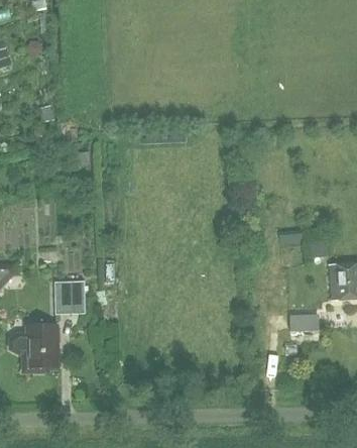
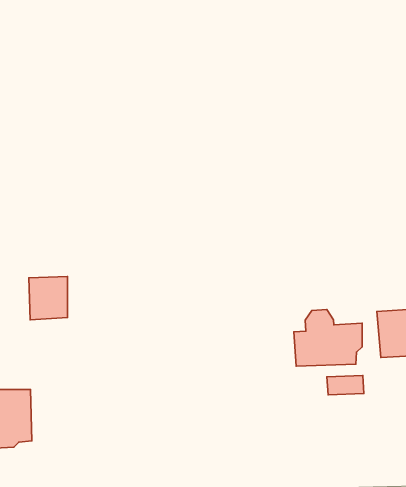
building: none -> [294,310,362,366]
building: [54,279,85,314] -> [29,276,67,320]

